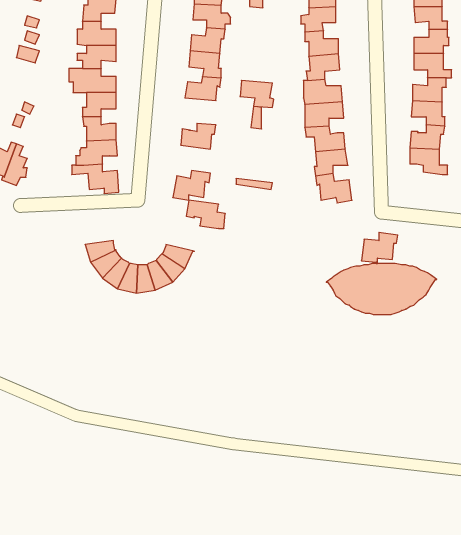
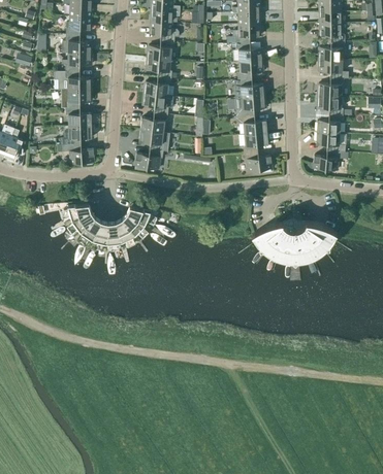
building: [240,80,274,107] -> [142,94,168,114]
building: [186,200,225,228] -> [138,130,168,151]
building: [361,232,398,263] -> [313,150,341,174]

